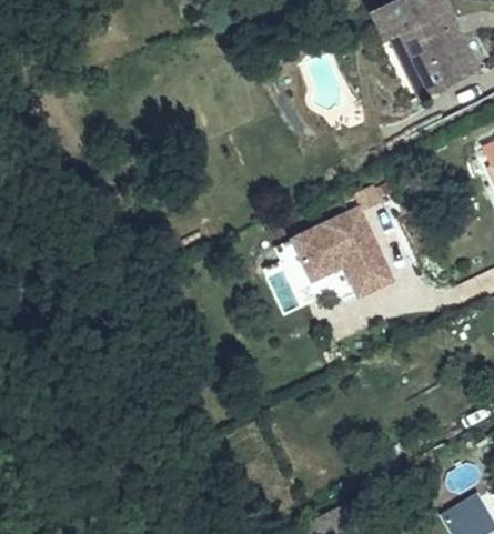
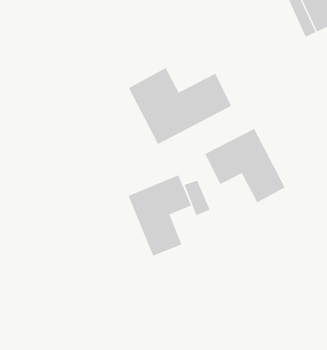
building: none -> [128,67,232,145]
building: none -> [128,174,192,256]

